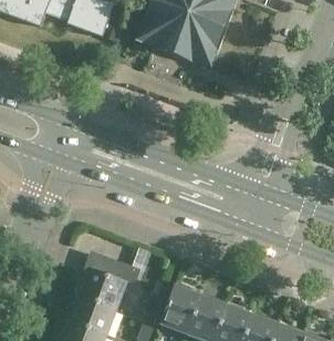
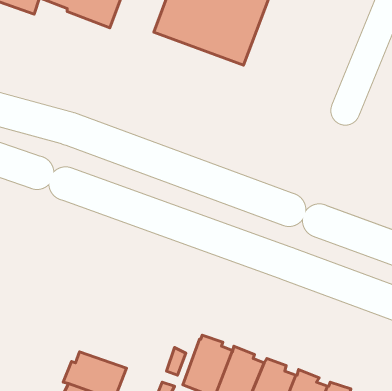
building: [74,257,139,310] -> none

